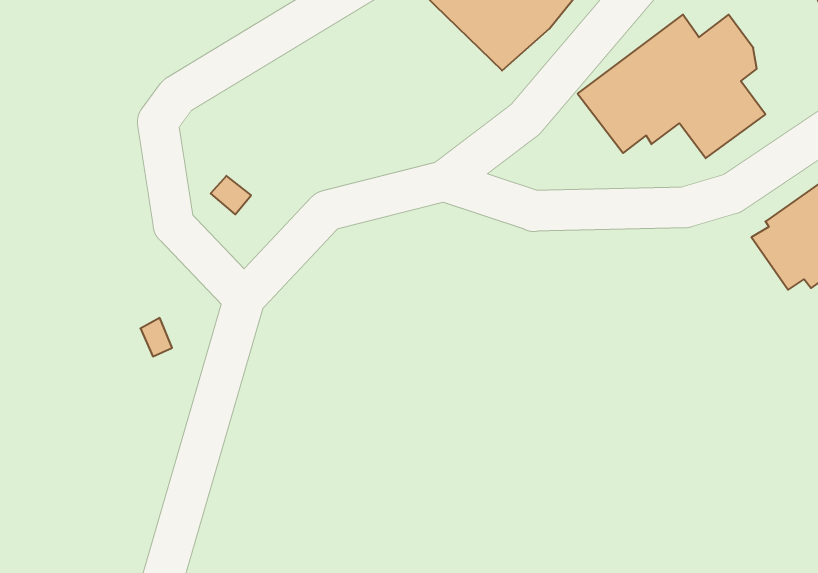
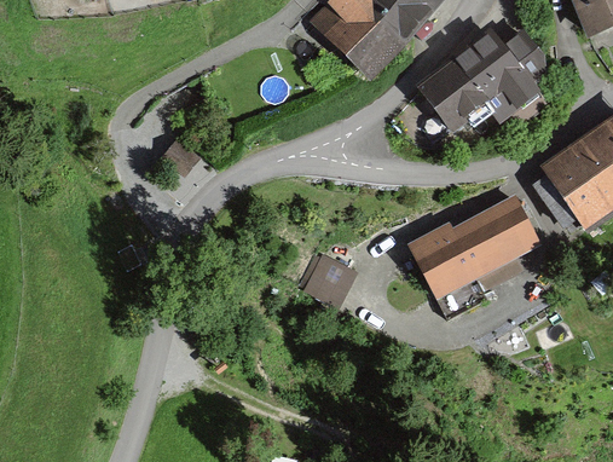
building: none -> [412,200,537,294]
building: none -> [305,244,360,305]

